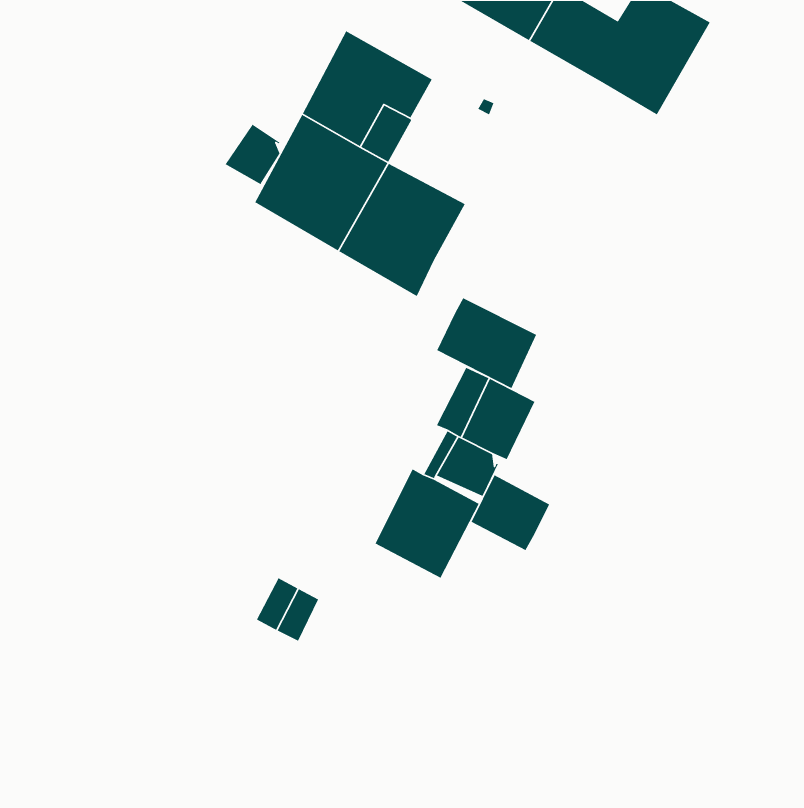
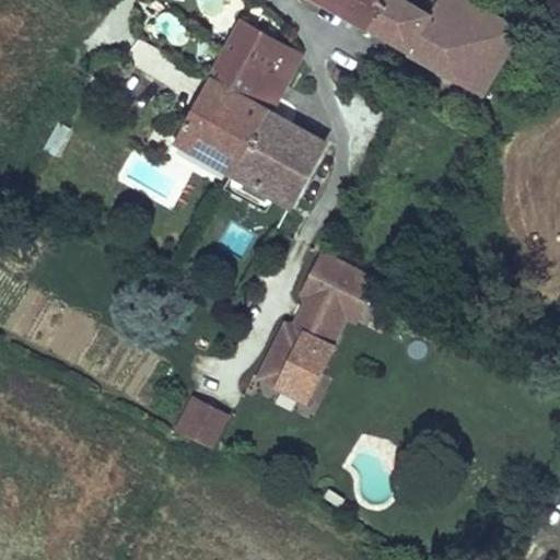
building: none -> [455,15,517,95]
building: [225,121,281,185] -> none
building: [436,297,537,389] -> none
building: [471,474,550,551] -> none

